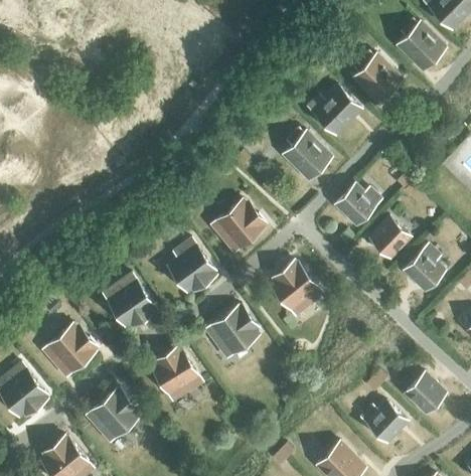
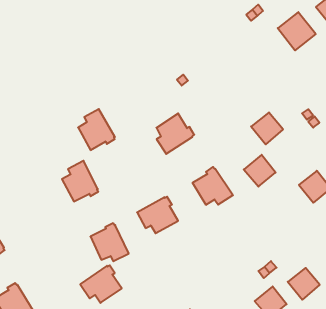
building: [313,87,361,135] -> none
building: [283,132,331,180] -> none
building: [369,217,410,258] -> [244,155,276,187]
building: [168,240,215,292] -> [78,109,115,150]
building: [48,324,98,376] -> none
building: [87,388,139,437] -> [80,265,122,303]

